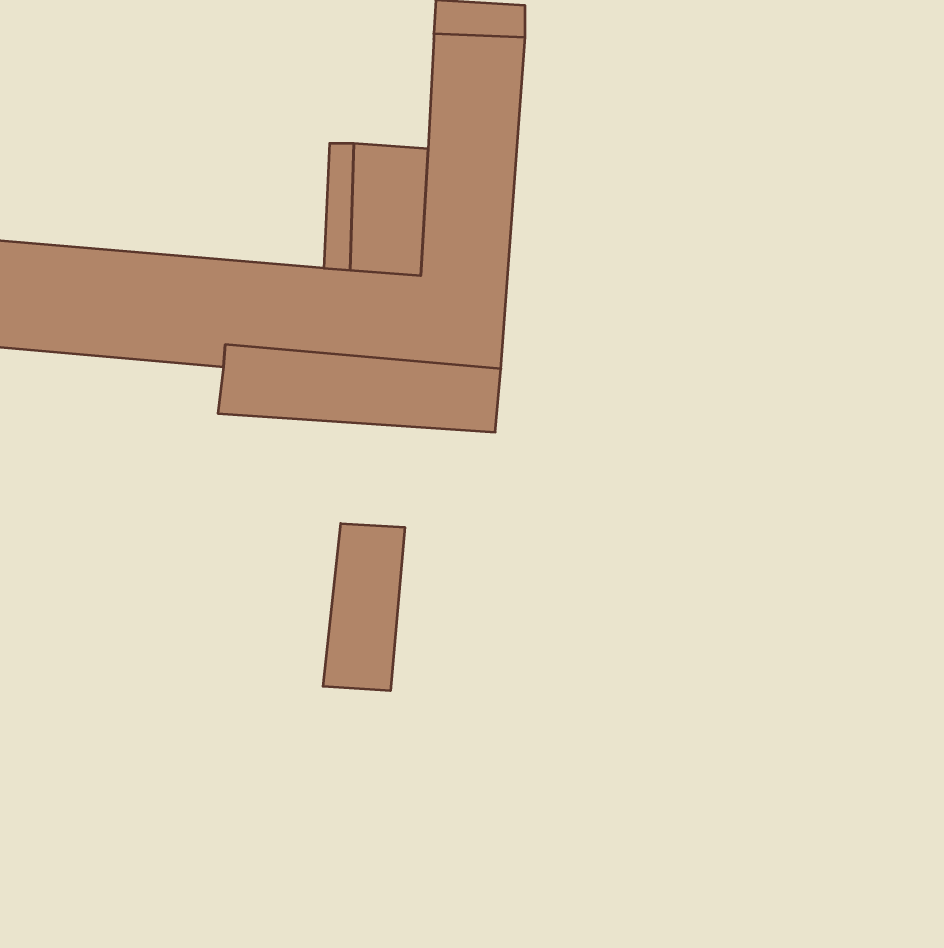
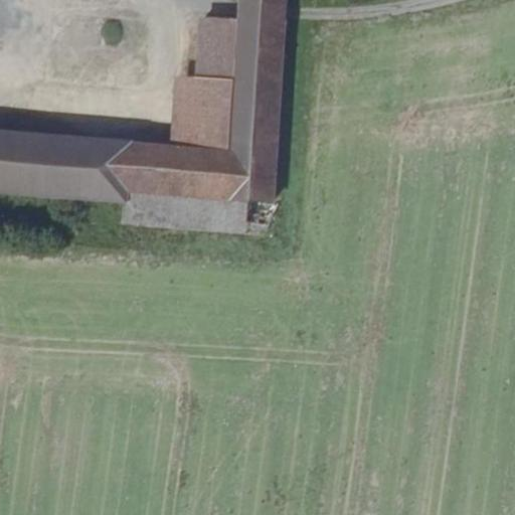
building: none -> [191,19,234,80]
building: [323,523,405,691] -> none

